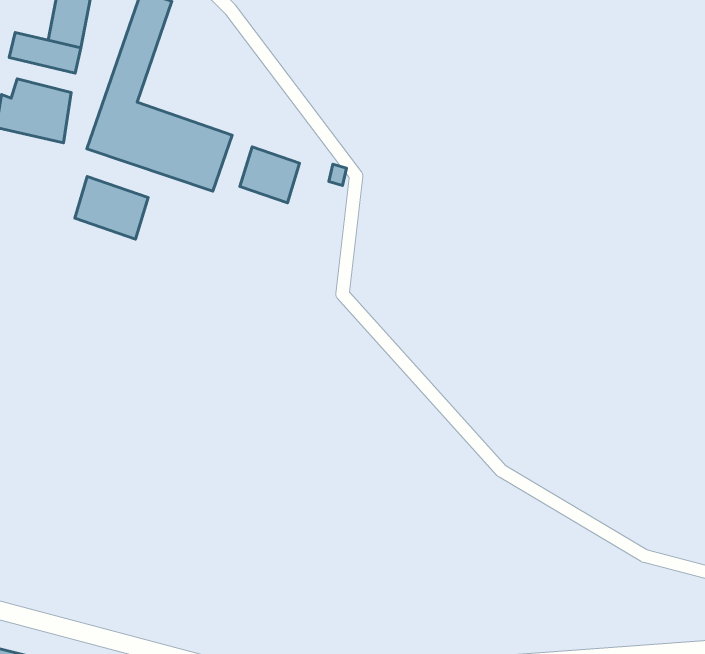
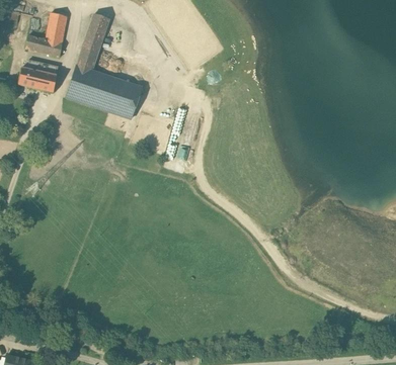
building: [240,147,300,203] -> none
building: [75,176,148,239] -> none

